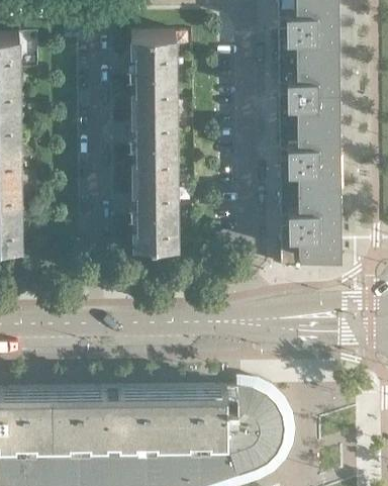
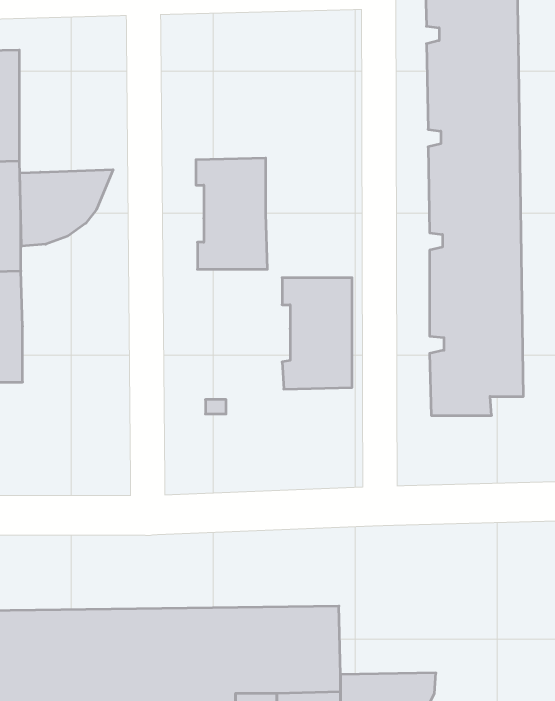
building: [132,33,177,104] -> none
building: none -> [20,170,113,246]
building: [133,174,178,245] -> [282,278,352,389]
building: [223,388,285,431] -> none

